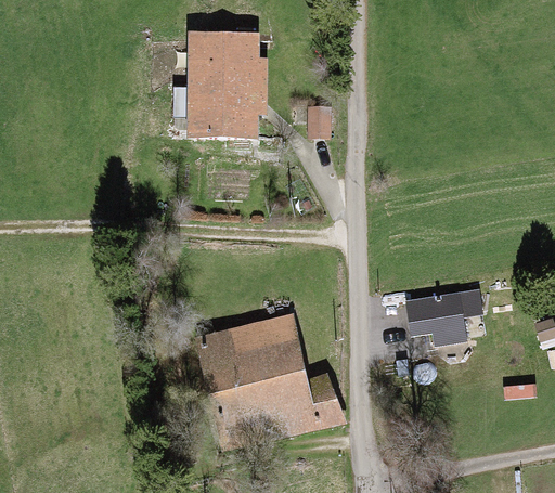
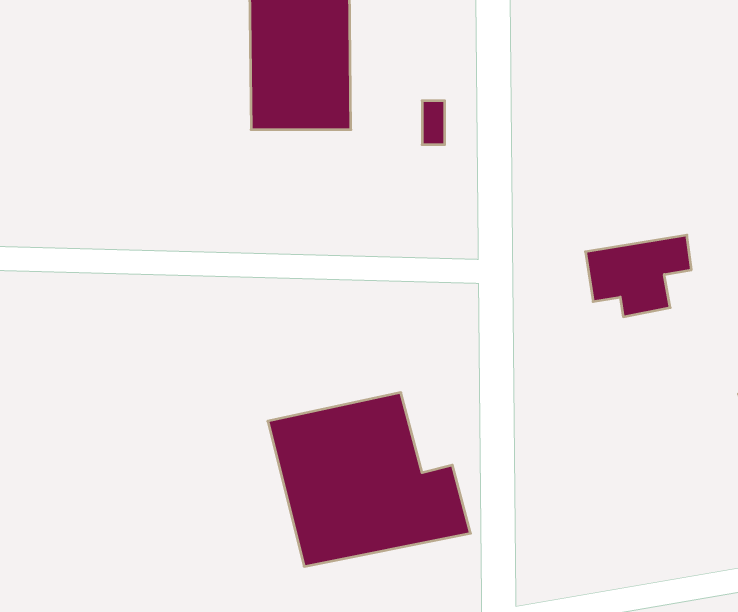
building: [408,287,483,346] -> [585,235,691,317]

